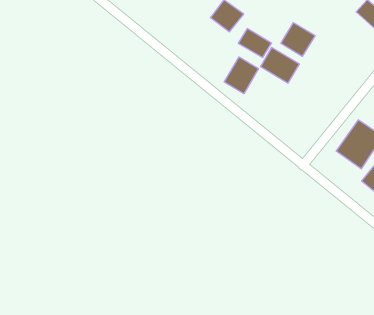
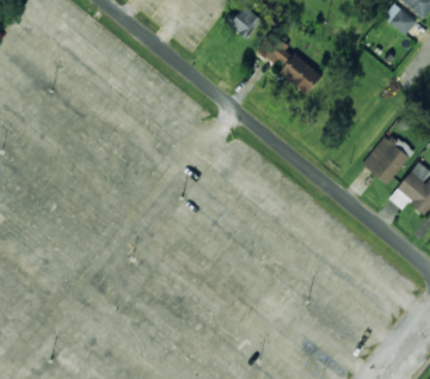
building: [281,23,315,56] -> none
building: [224,57,259,94] -> none

